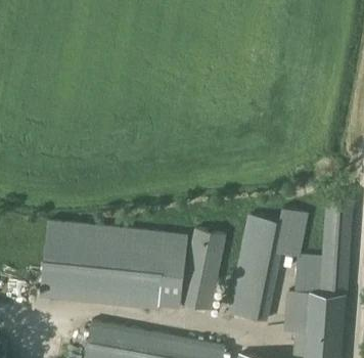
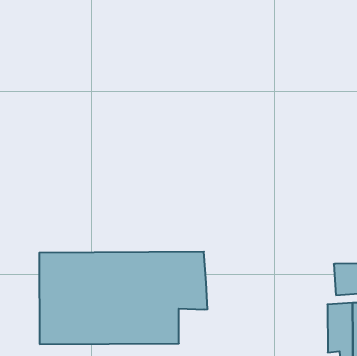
building: [229,210,307,322] -> none
building: [179,229,226,310] -> none

